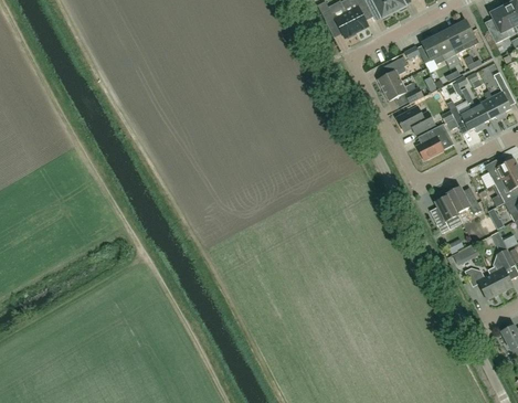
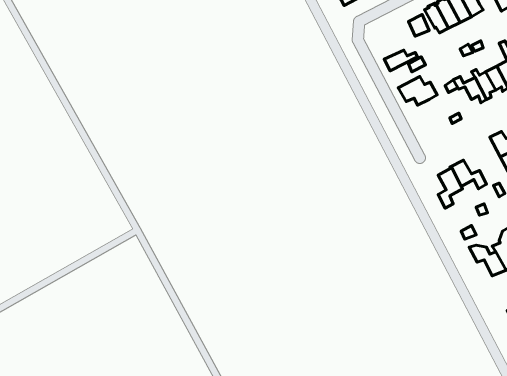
building: [377,55,408,89] -> none
building: [416,123,450,159] -> none

